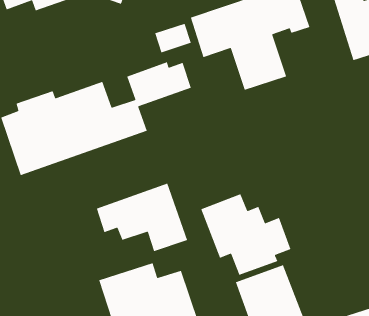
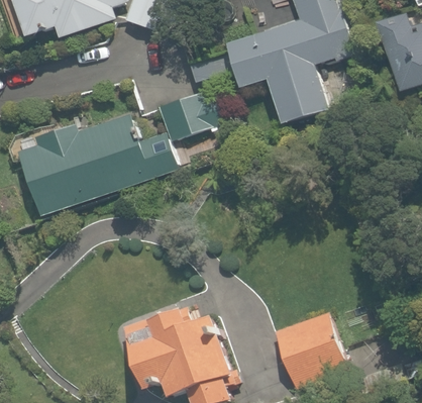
building: [96,182,188,252] -> none
building: [200,193,291,276] -> none

